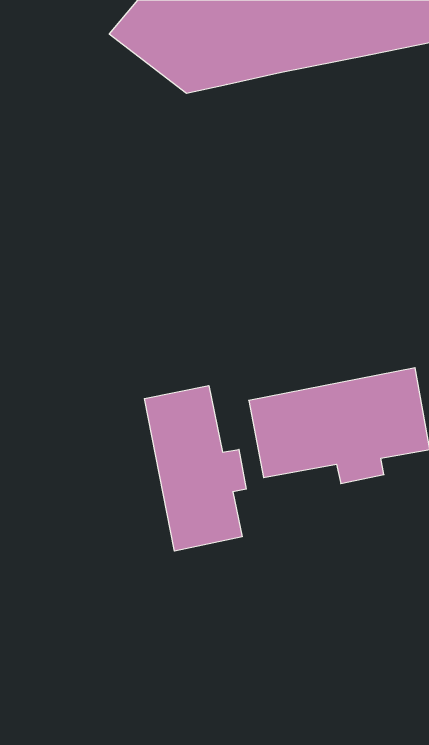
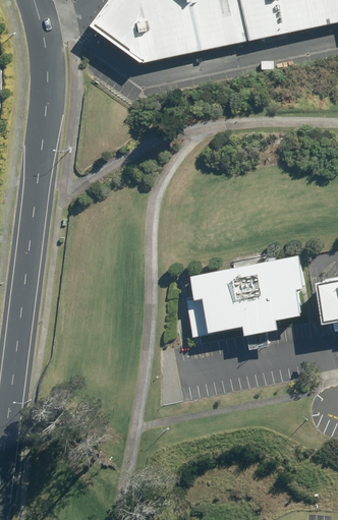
building: [144,386,246,551] -> none

